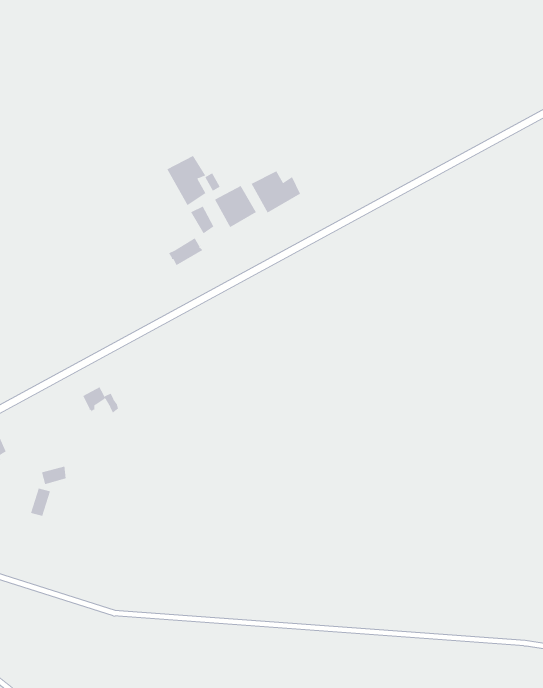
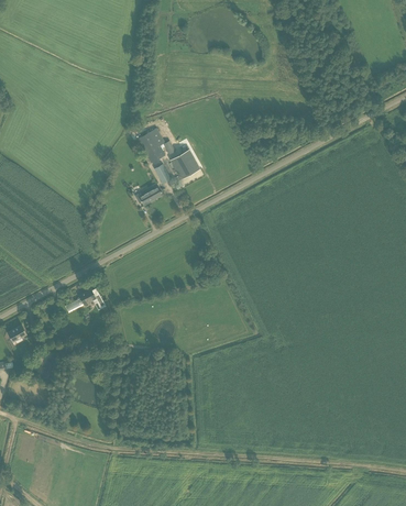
building: [251,171,301,213] -> none

